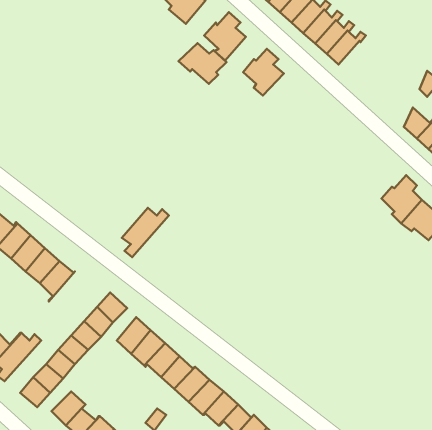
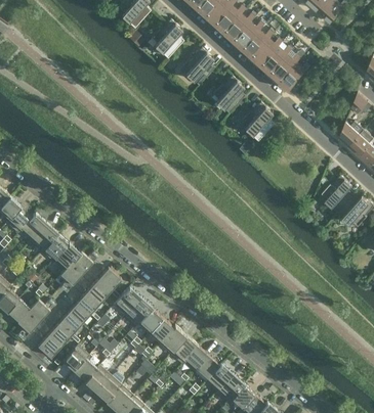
building: [179,43,227,84] -> none
building: none -> [241,102,273,140]
building: [122,208,169,257] -> [59,251,96,290]

